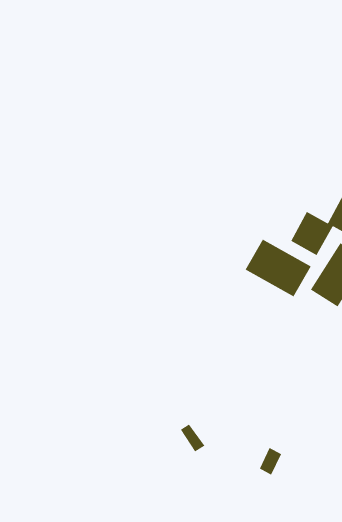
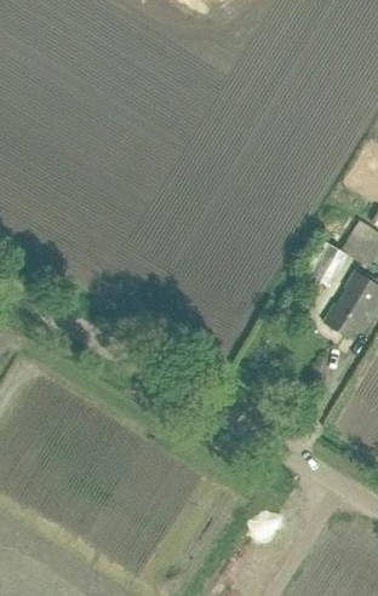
building: [245,238,312,297] -> none

